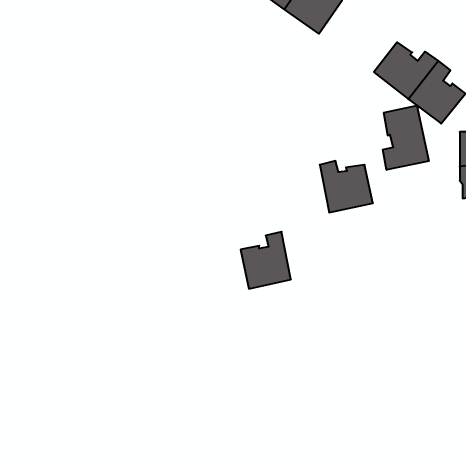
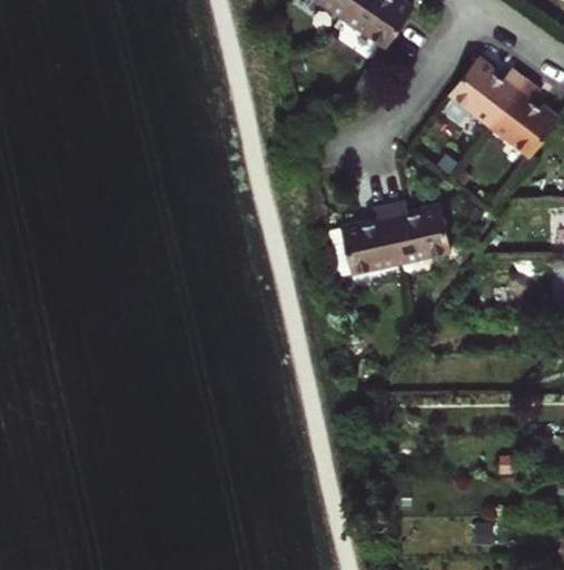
building: [383,106,429,170] -> none
building: [241,232,291,289] -> [337,206,397,274]

